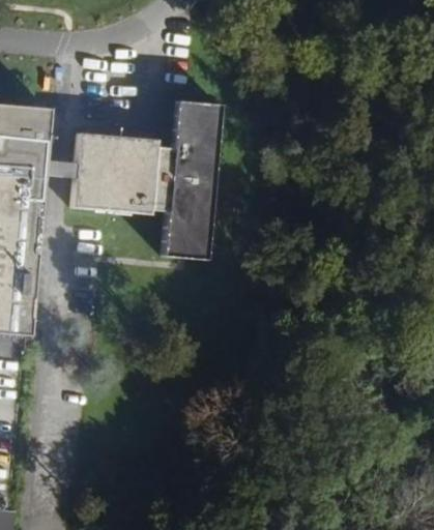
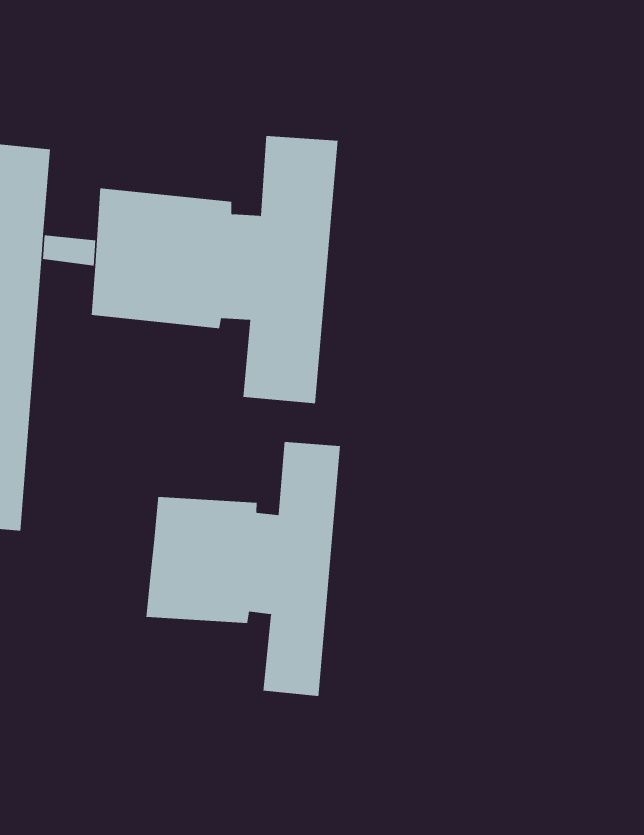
building: none -> [146,441,340,697]

